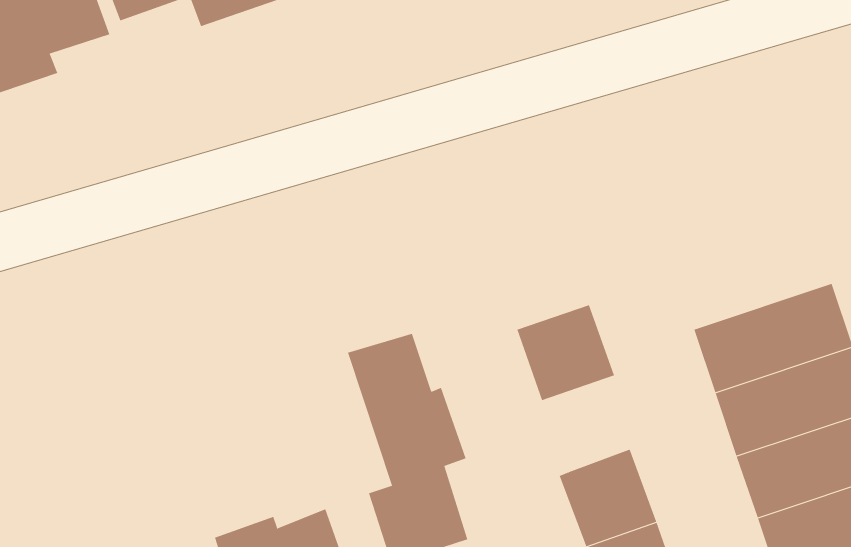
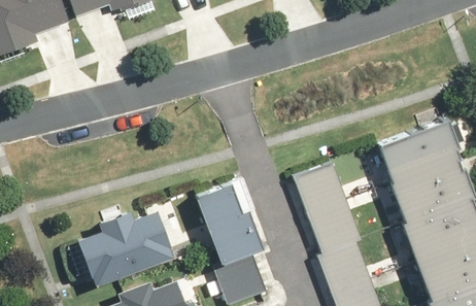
building: none -> [375,121,461,178]
building: none -> [305,203,358,254]
building: none -> [80,205,186,283]

